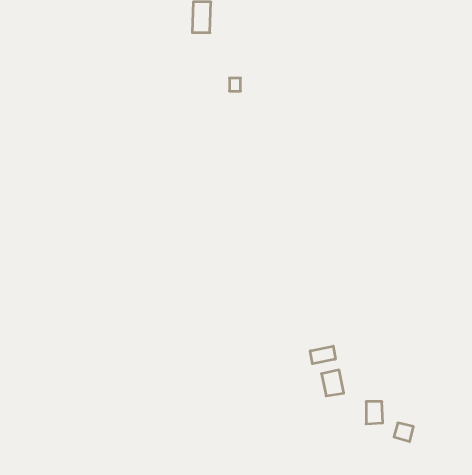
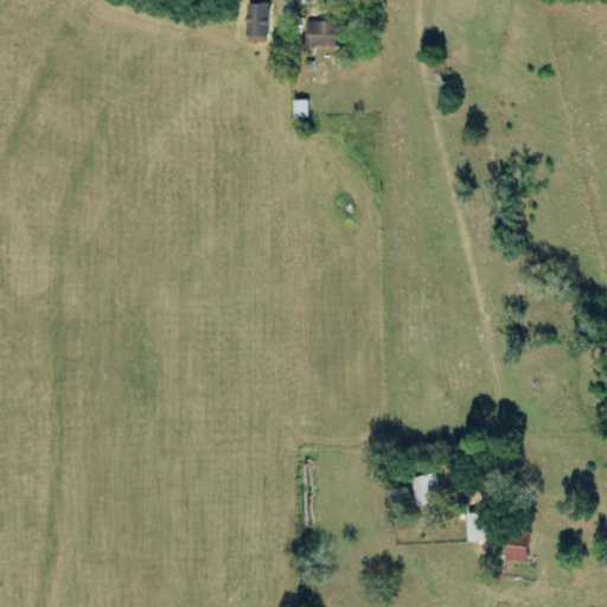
building: none -> [305,21,346,46]
building: [310,346,335,364] -> none

